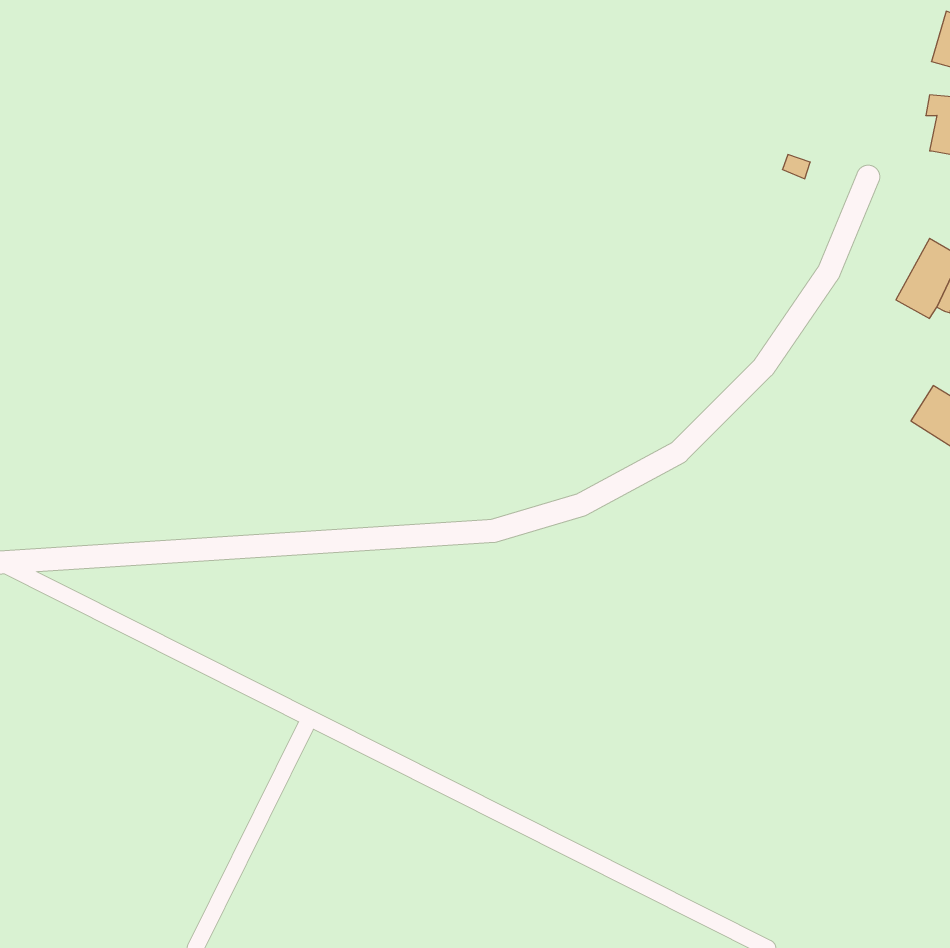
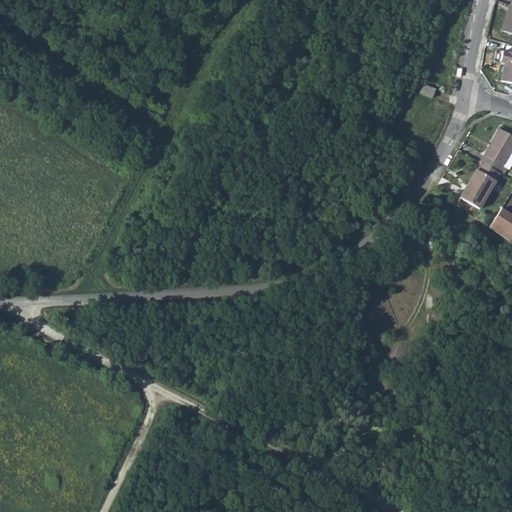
building: none -> [462,161,500,207]

